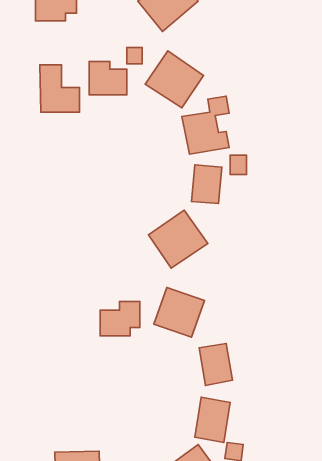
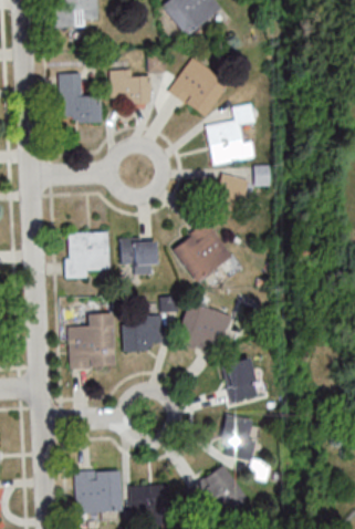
building: none -> [65,232,109,279]
building: none -> [122,239,156,273]
building: none -> [67,314,115,370]

